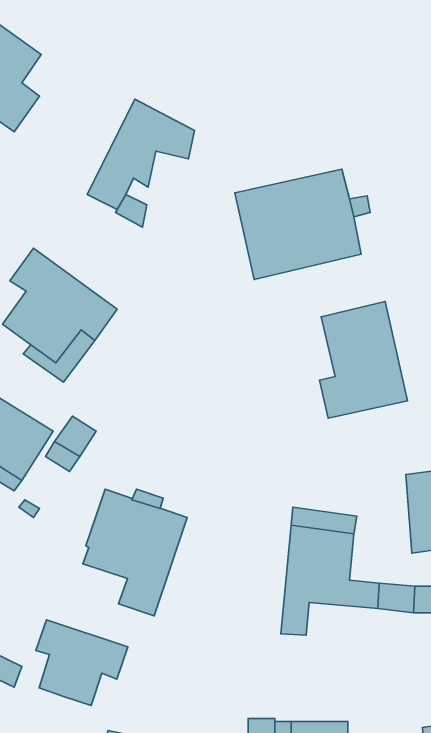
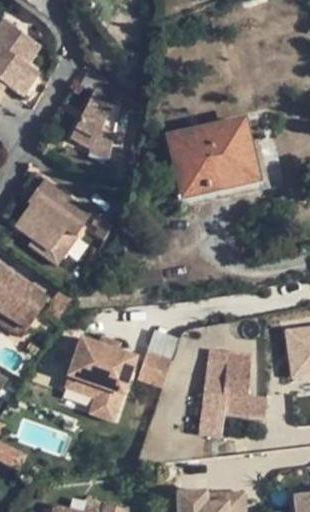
building: [320,302,407,418] -> none
building: none -> [138,350,173,387]
building: [36,620,128,706] -> none

